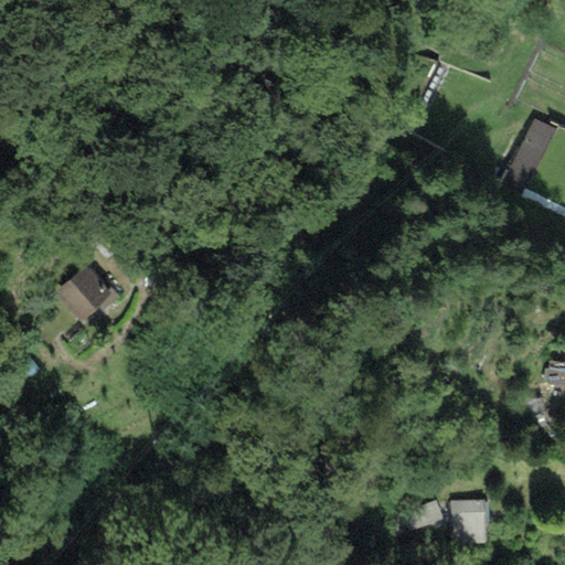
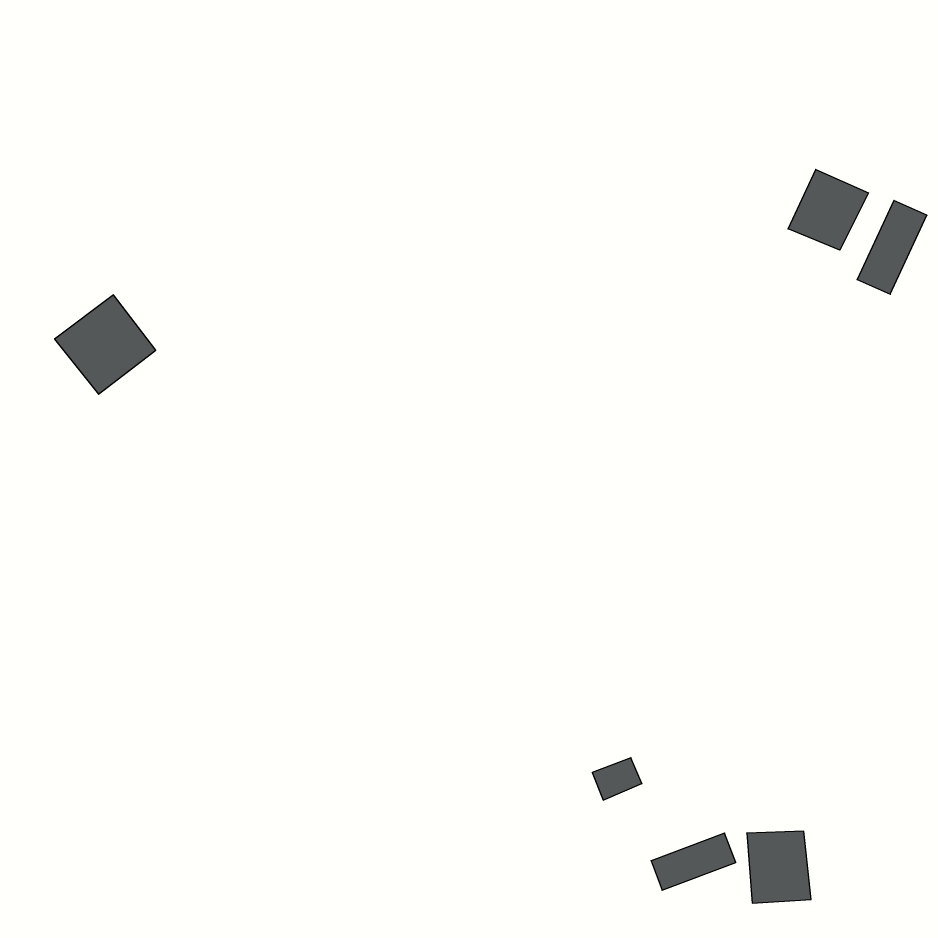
building: none -> [788,169,868,250]
building: [52,263,113,322] -> [55,295,156,394]

